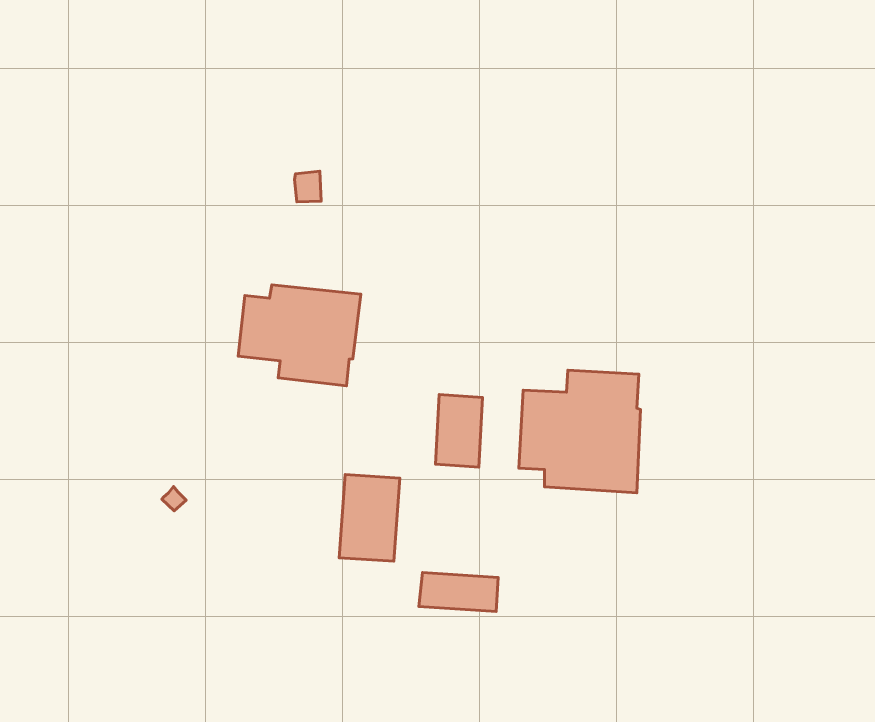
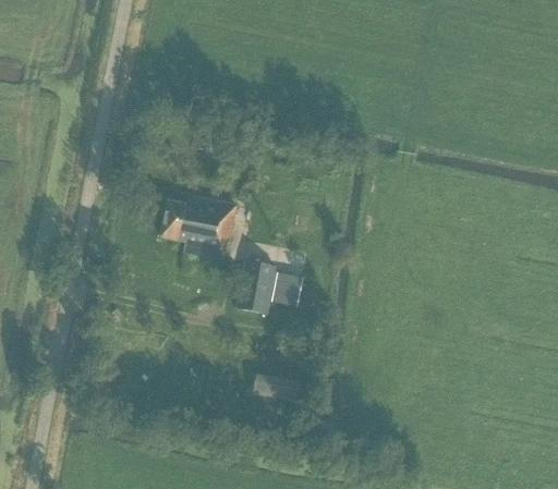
building: [519,370,641,493] -> none
building: [339,475,400,561] -> [238,259,278,313]

